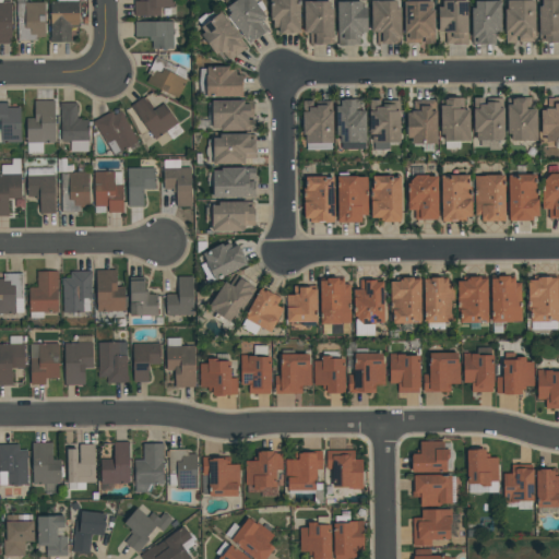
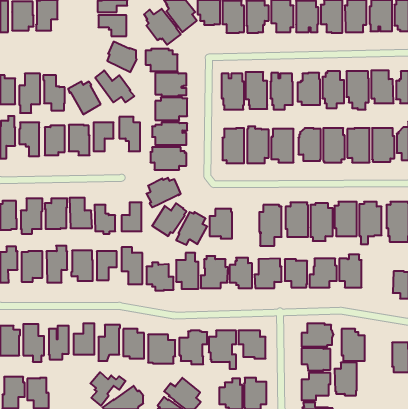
building: [321,277,350,334] -> none
building: [497,353,534,394] -> none
building: [503,464,534,509] -> [334,363,357,395]
building: [73,509,107,554] -> none

